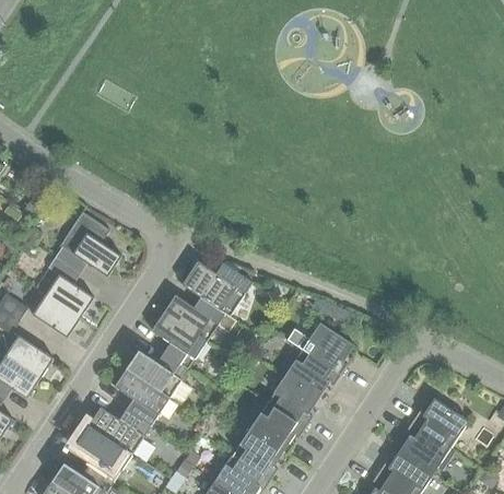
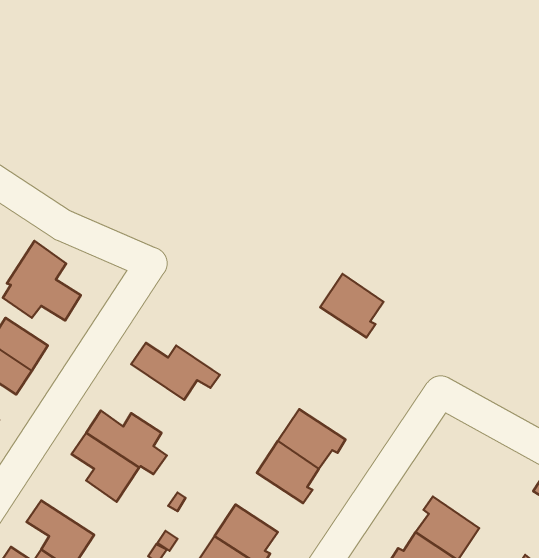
building: [180,261,251,317] -> none
building: [150,313,206,369] -> none
building: [301,322,353,375] -> [320,274,384,338]
building: [411,398,467,448] -> none
building: [248,402,304,451] -> none
building: [87,408,150,454] -> none

